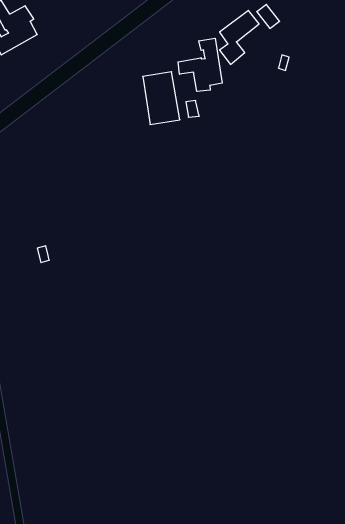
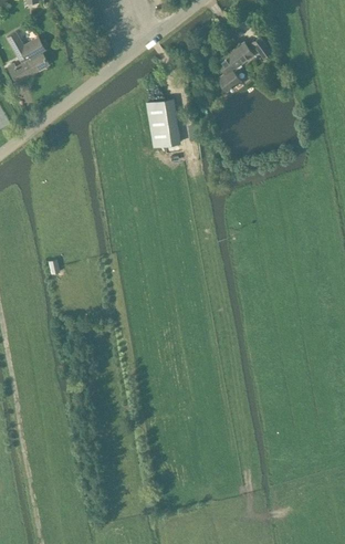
building: [178,38,222,91] -> none

